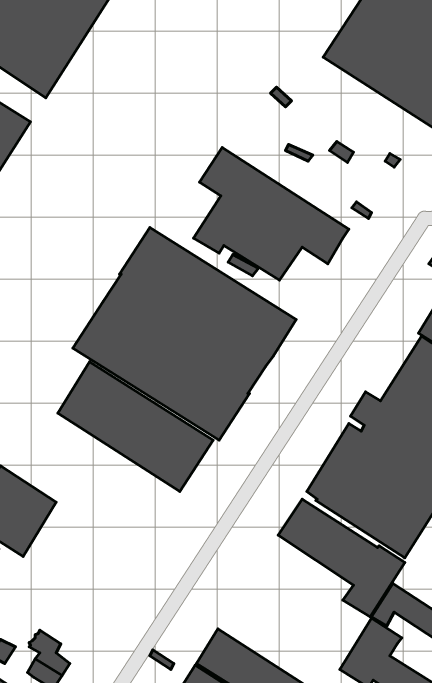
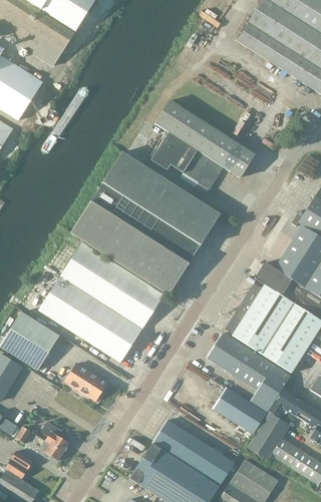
building: none -> [38,276,141,362]
building: none -> [64,363,106,400]
building: none -> [213,387,266,434]

